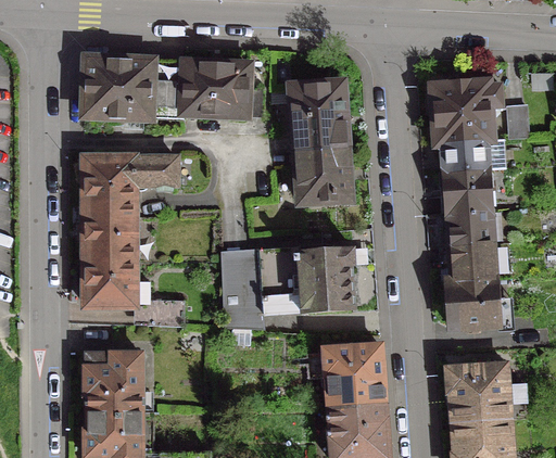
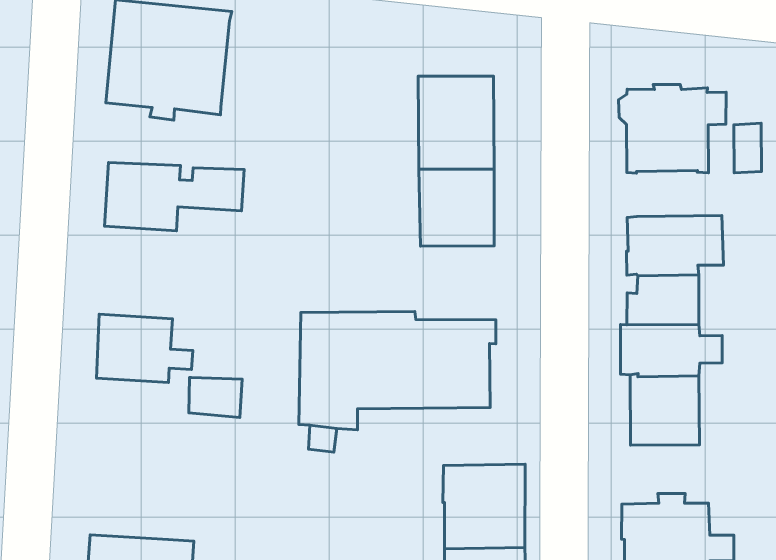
building: [157,53,256,118] -> none
building: [442,139,506,173] -> none
building: [78,202,134,262] -> none
building: [84,354,140,411] -> none

